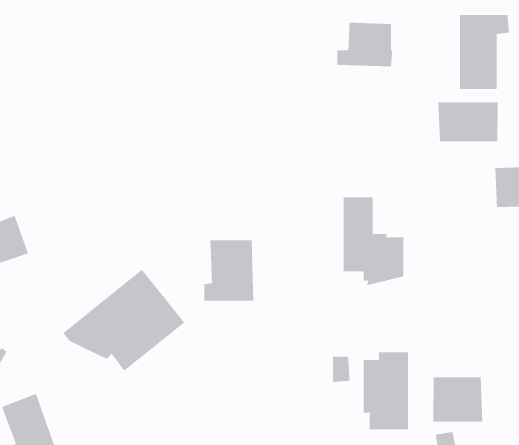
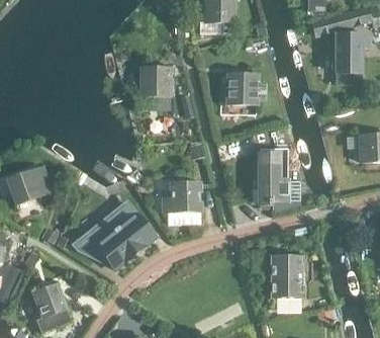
building: [337,22,393,67] -> [220,74,258,103]
building: none -> [134,67,170,108]
building: [438,101,498,142] -> none
building: [433,377,483,422] -> none

